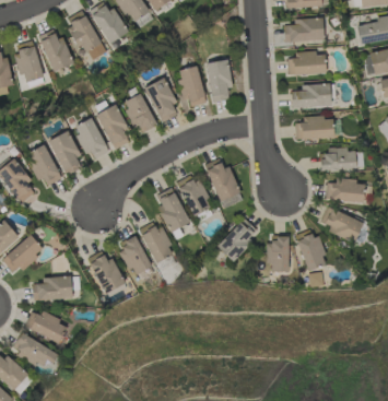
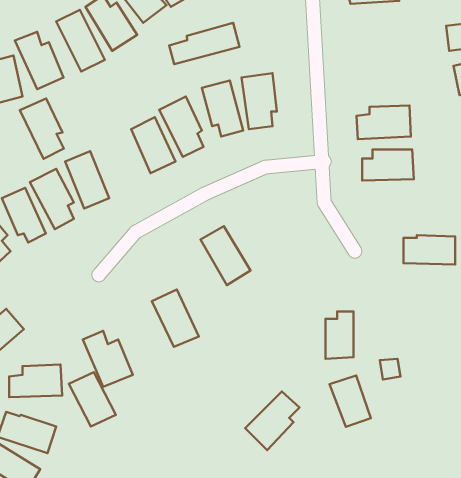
building: [284,19,324,42] -> none
building: none -> [169,23,239,64]
building: [287,52,326,75] -> none
building: [96,105,129,150] -> [20,98,64,159]
building: [319,150,355,172] -> none
building: [203,158,244,210] -> none
building: [157,188,188,233] -> none
building: [320,207,363,243] -> none
building: [216,219,257,262] -> [245,391,300,450]
building: [296,233,327,271] -> [330,375,371,427]
building: [117,236,152,276] -> [69,372,116,427]

